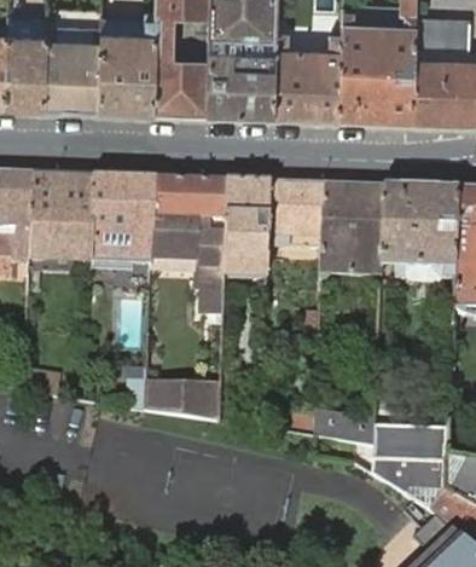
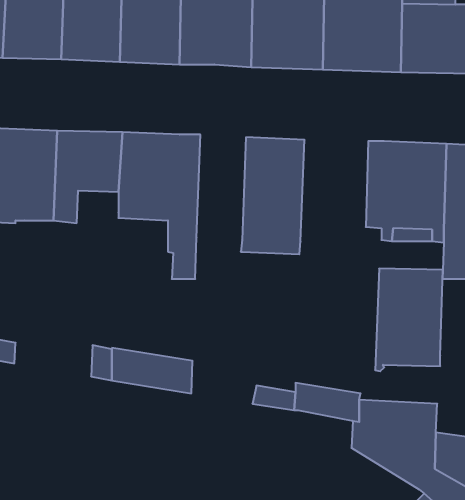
building: [222,179,268,277] -> none
building: [319,184,382,279] -> [375,269,443,371]
building: [111,231,150,264] -> none

